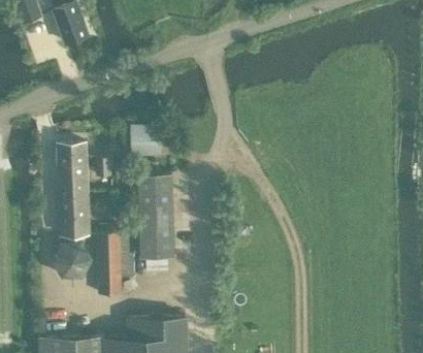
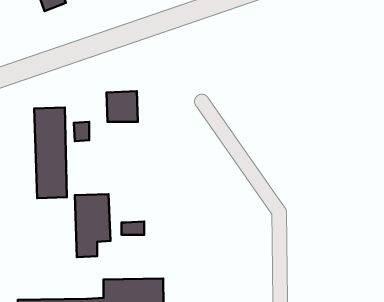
building: [138,174,173,258] -> none
building: [51,242,93,279] -> none

